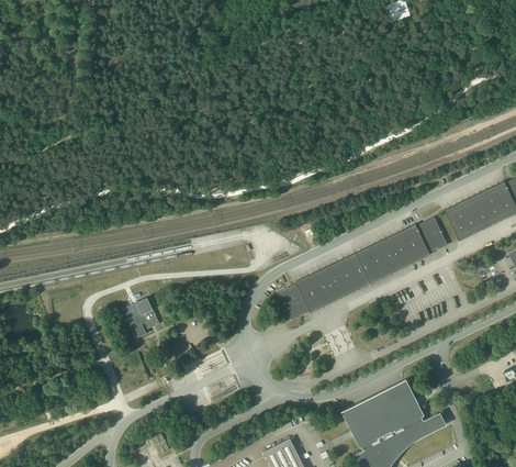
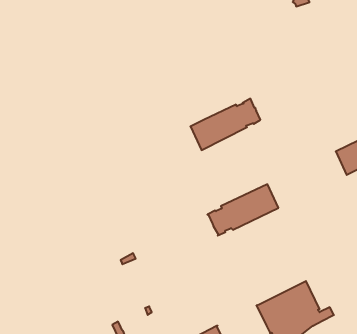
building: [356,218,447,285] -> [190,99,260,150]
building: [122,298,159,338] -> none

